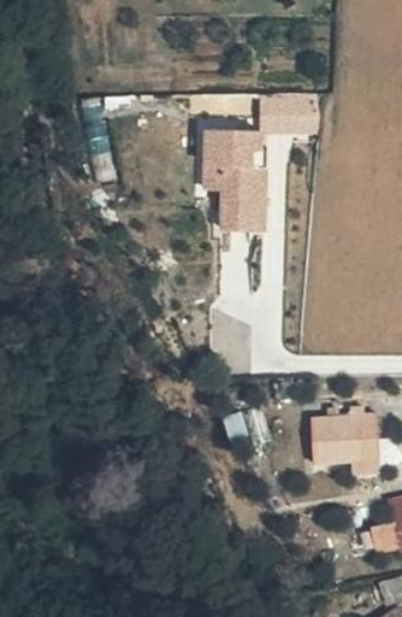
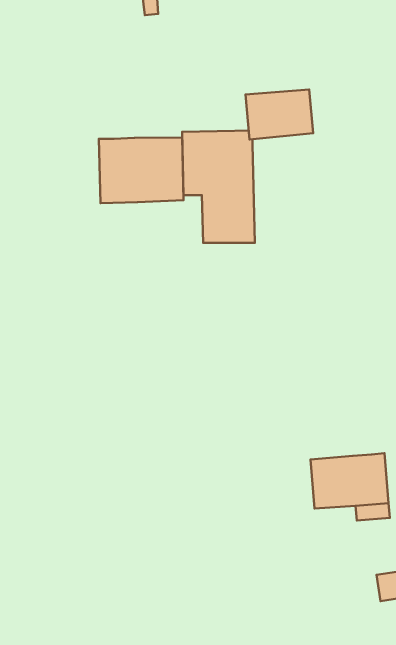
building: none -> [99,138,183,203]

